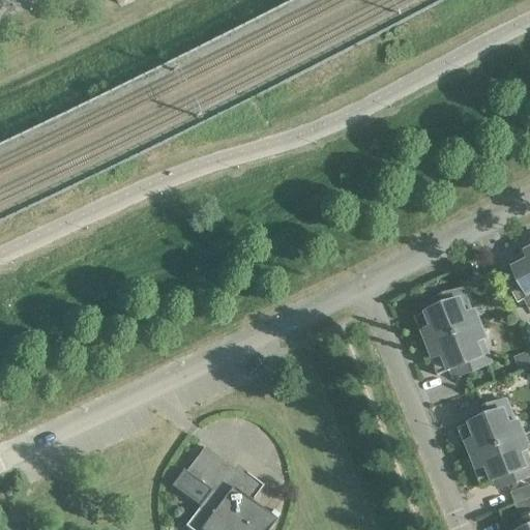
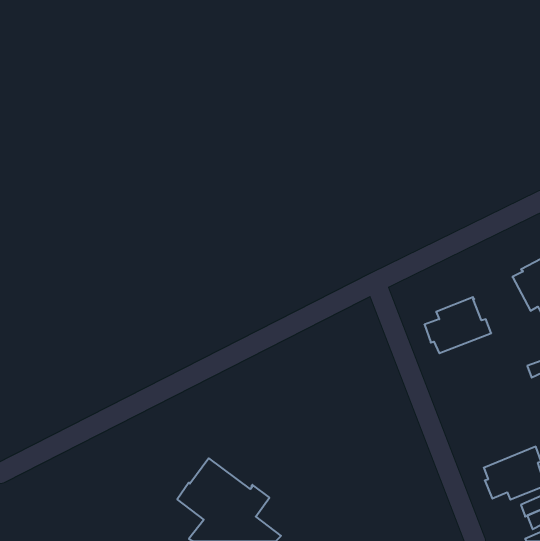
building: [431,325,493,377] -> none
building: [460,401,525,457] -> none

